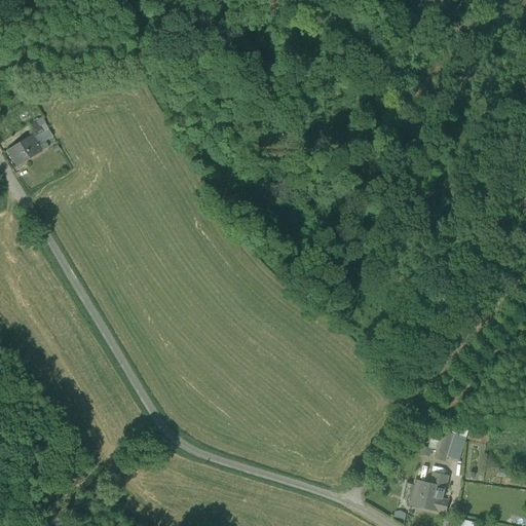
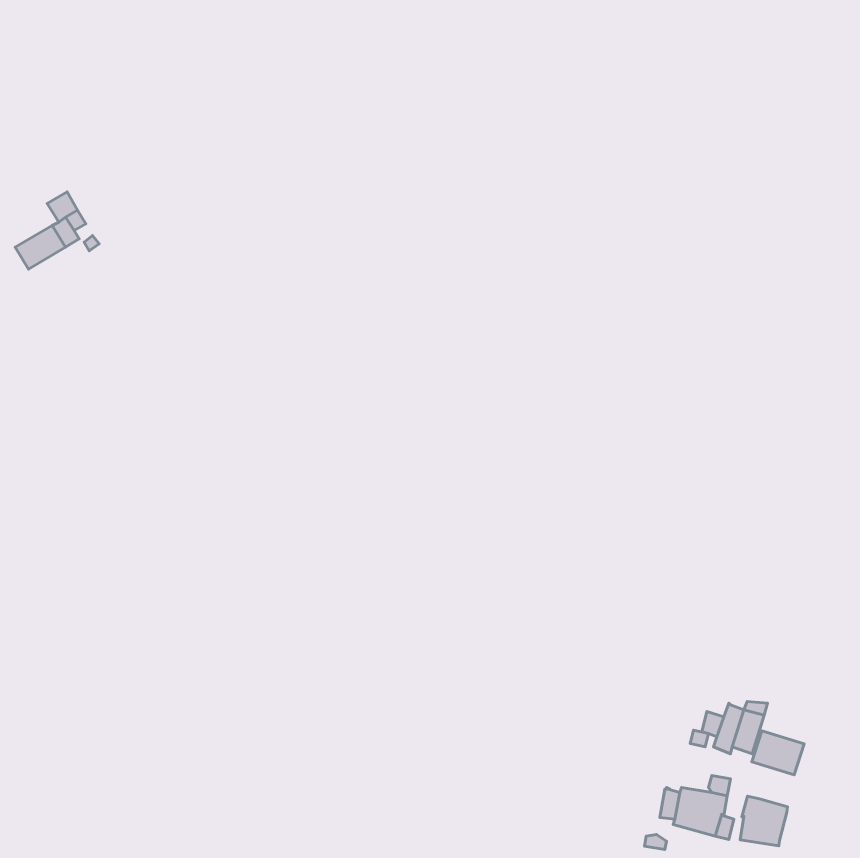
building: none -> [752,731,804,775]
building: none -> [740,796,787,846]

